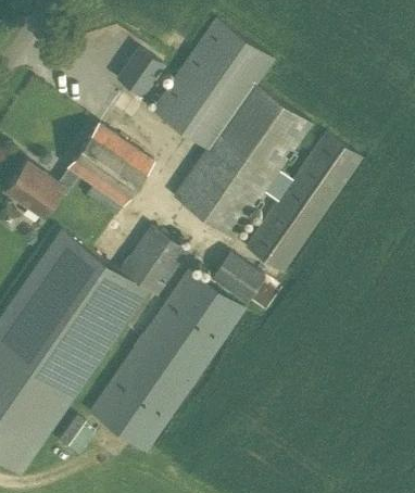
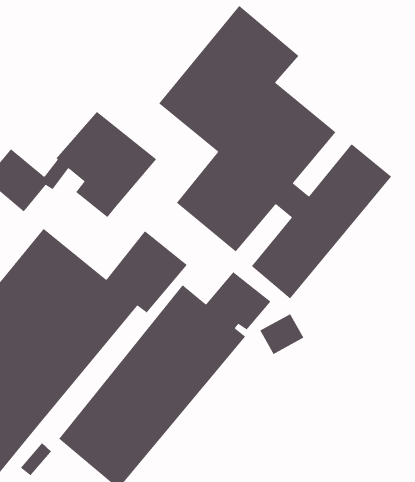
building: [117,49,161,94] -> none

